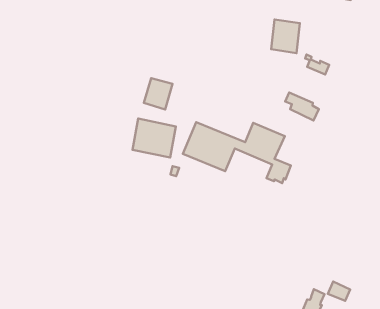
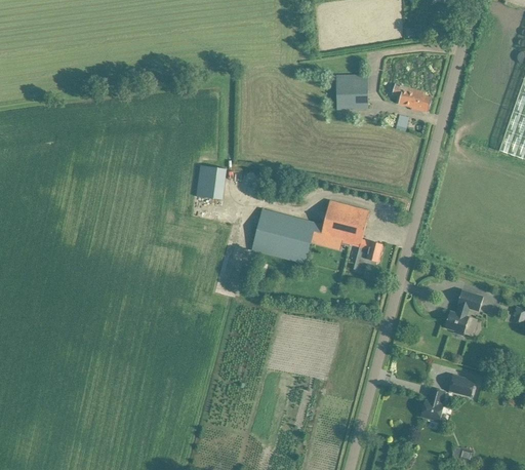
building: [285,93,319,120] -> [392,84,433,113]
building: [133,119,176,158] -> none
building: none -> [445,290,484,334]

